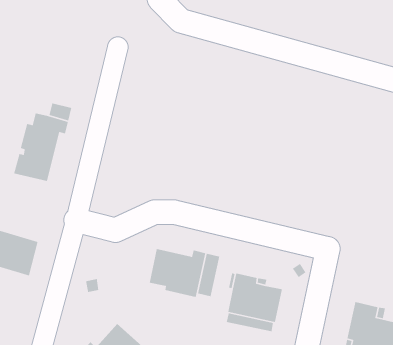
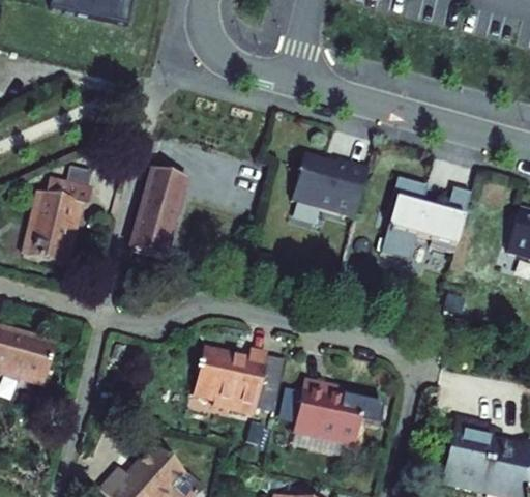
building: none -> [292,150,367,214]
building: none -> [129,168,186,258]
building: none -> [380,176,471,260]

